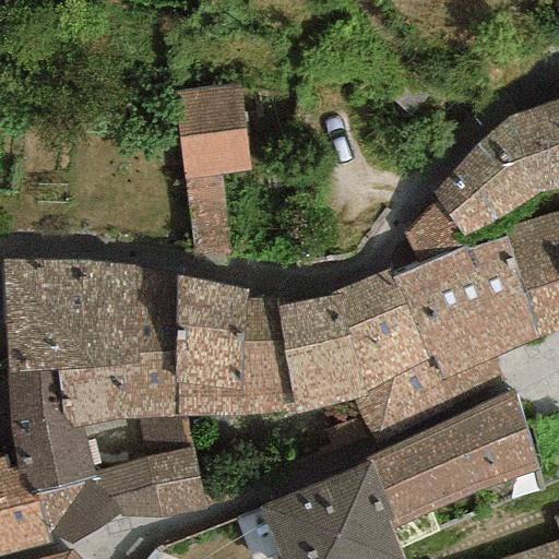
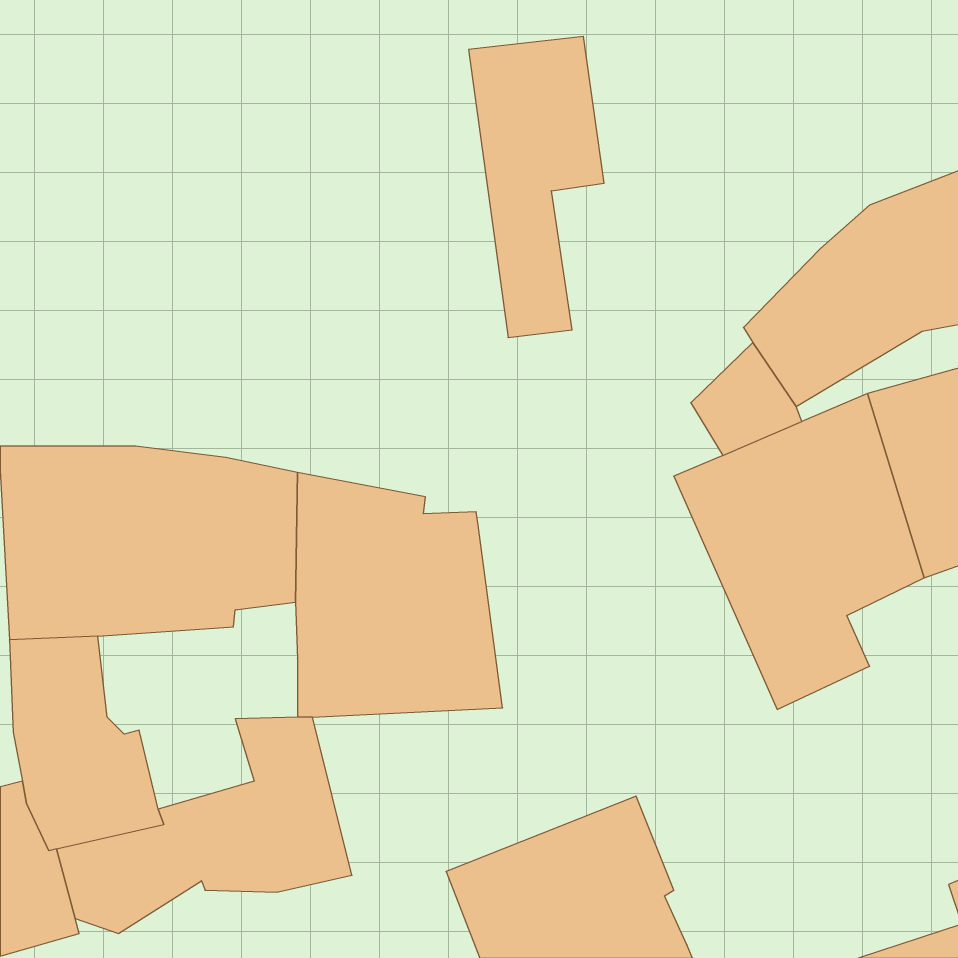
building: [173,82,251,257] -> [469,36,604,338]
building: [280,270,453,443] -> none
building: [59,349,175,426] -> none
building: [369,389,538,548] -> none

